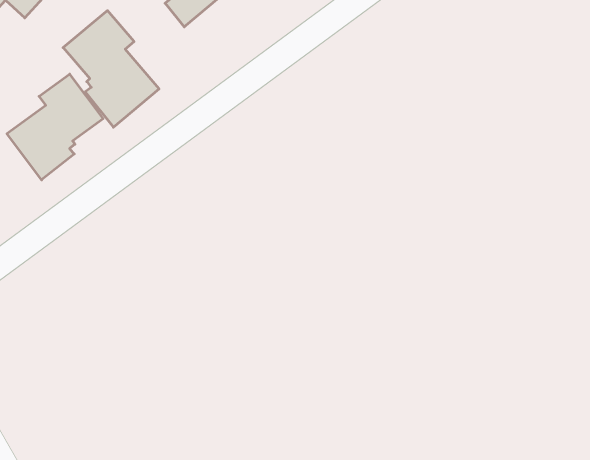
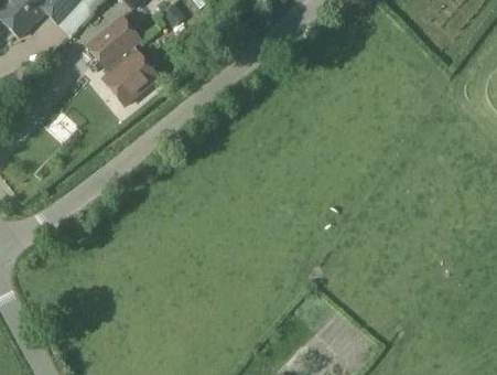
building: [7,74,103,180] -> none

